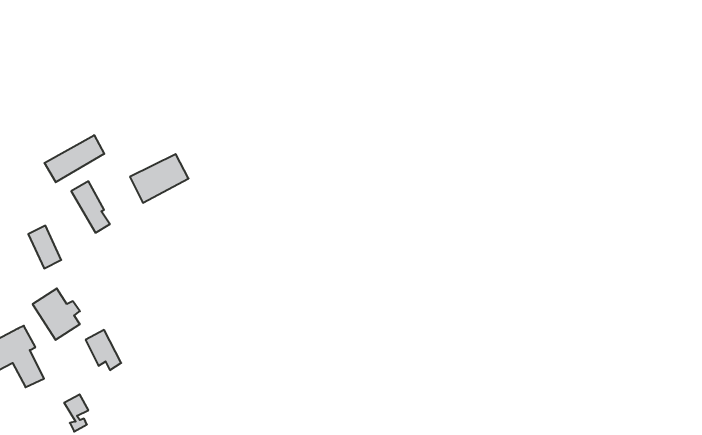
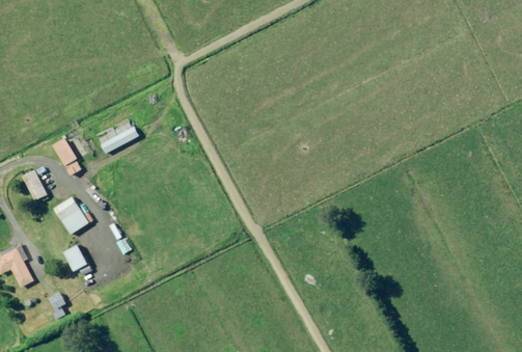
building: [44,135,104,182] -> none
building: [33,288,80,340] -> [54,196,88,234]

